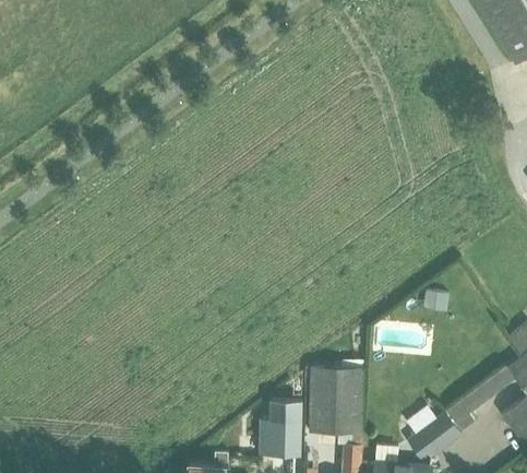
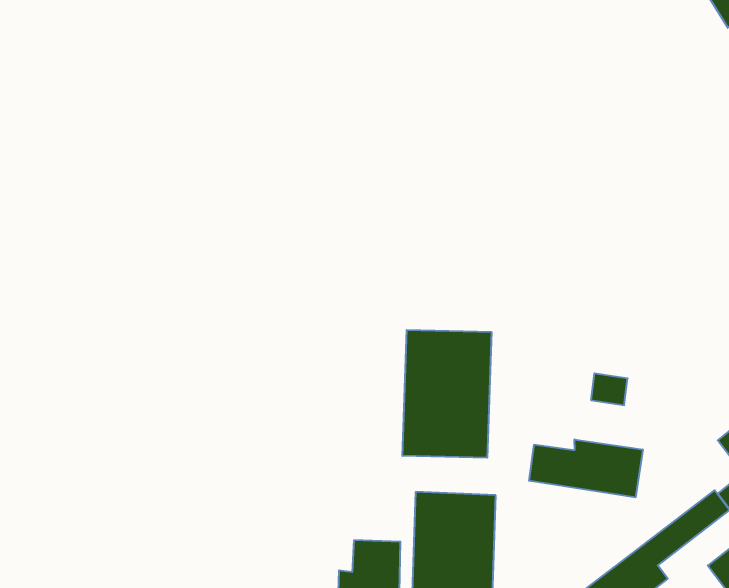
building: none -> [402,330,491,458]
building: none -> [529,439,643,497]

